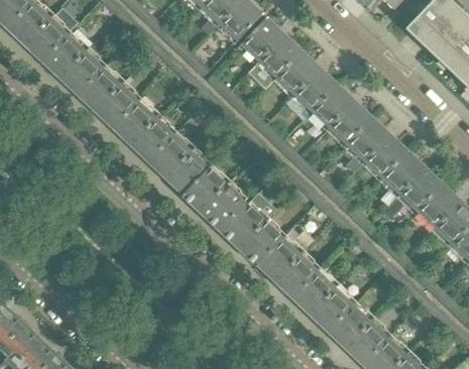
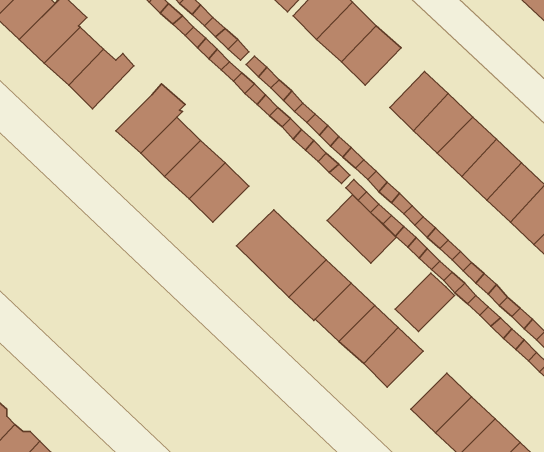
building: [294,68,337,111] -> none
building: [95,81,138,128] -> none
building: [182,168,227,212] -> none
building: none -> [327,195,396,263]
building: [310,288,353,331] -> [395,273,455,331]

